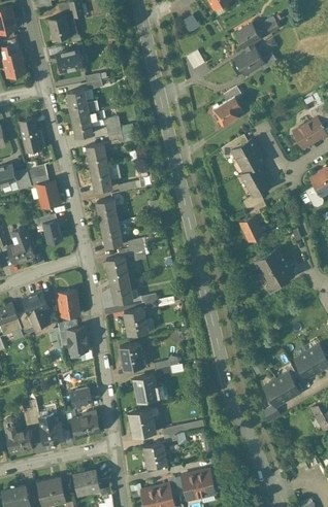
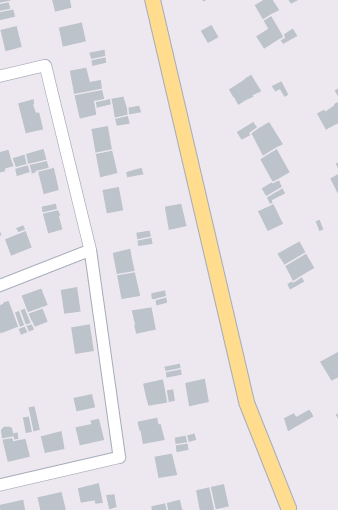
building: [100,222,122,247] -> [164,203,187,231]
building: [119,343,142,370] -> [184,378,210,407]
building: [264,375,297,404] -> none

